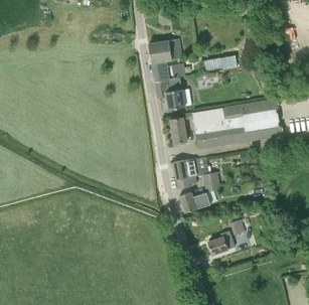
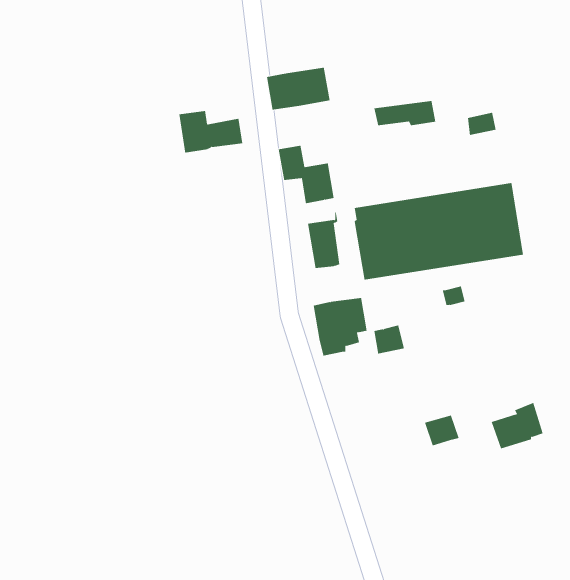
building: [152,59,185,82] -> [179,110,243,153]
building: [180,191,210,212] -> none
building: [207,231,235,255] -> [491,402,543,449]

